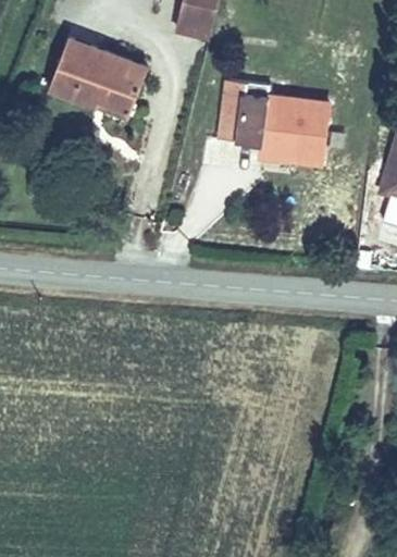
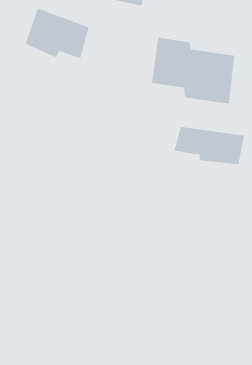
building: none -> [174,126,244,165]

